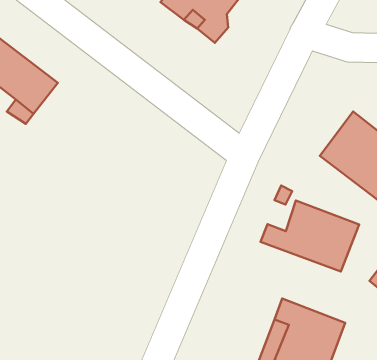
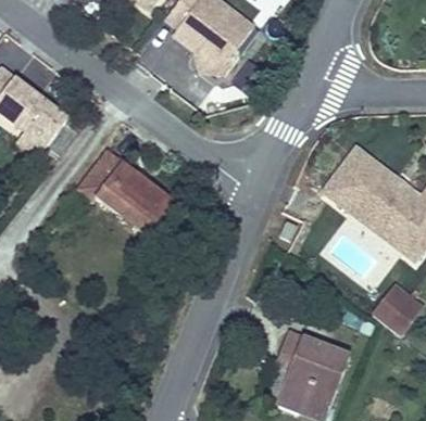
building: none -> [75,148,177,240]
building: [261,201,359,272] -> none

